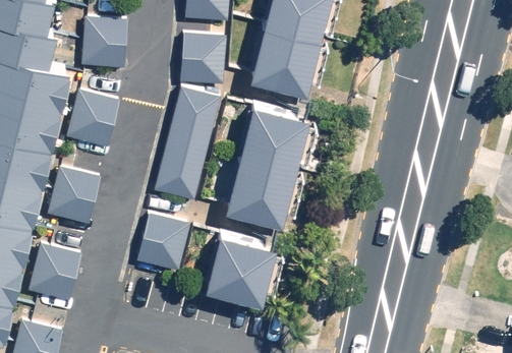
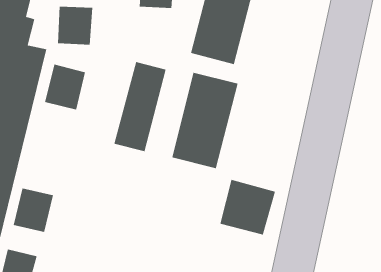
building: [180,34,225,85] -> none
building: [49,168,100,225] -> none
building: [137,214,190,271] -> none
building: [207,230,277,300] -> [219,179,276,235]

